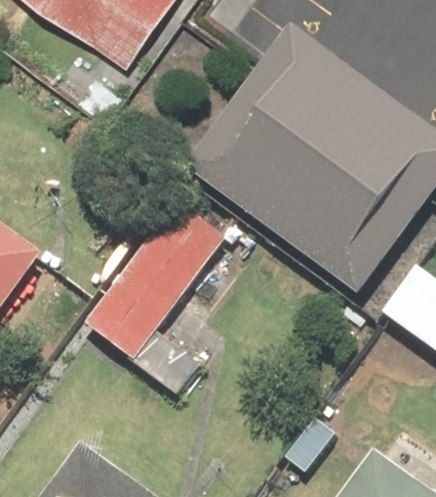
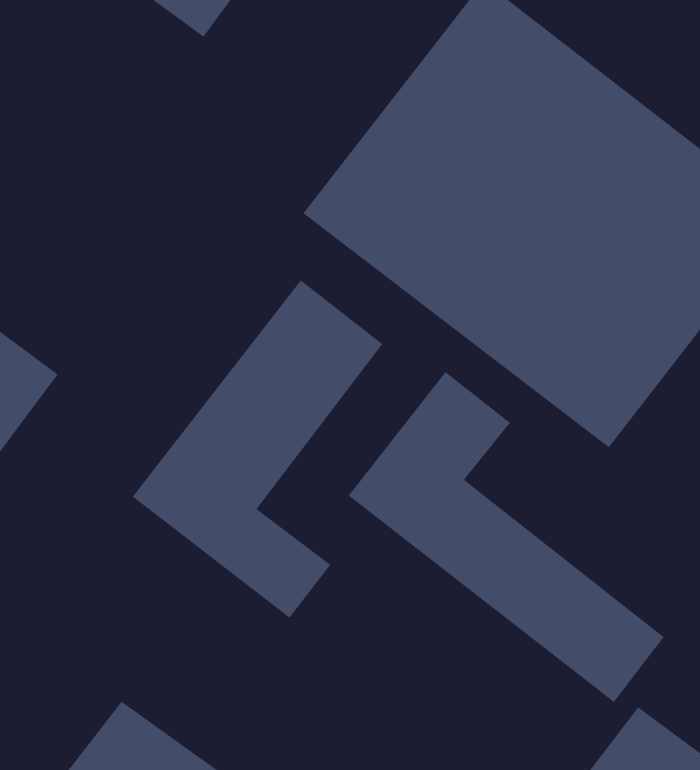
building: none -> [348,371,665,703]

